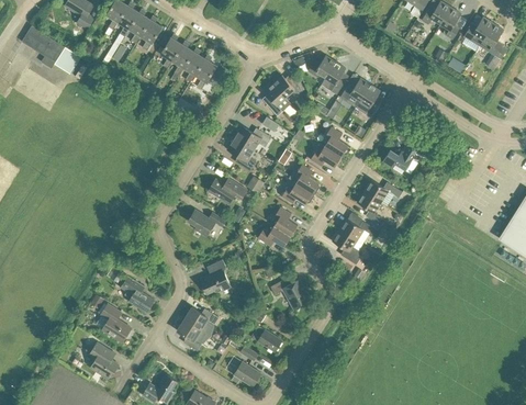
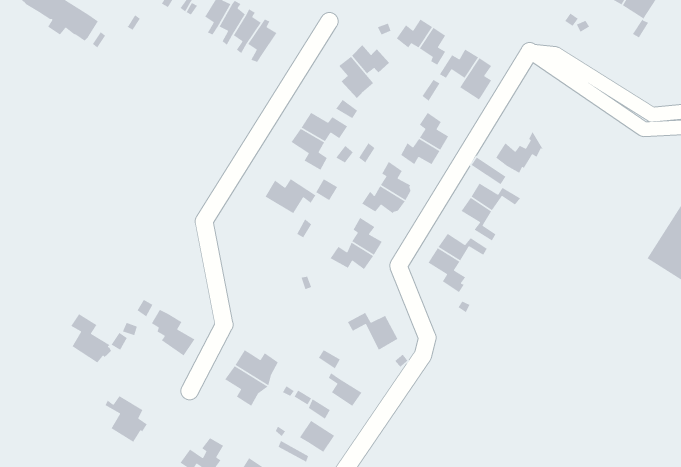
building: [188,210,225,236] -> none
building: [201,259,231,293] -> none
building: [101,304,133,342] -> [70,313,112,364]

